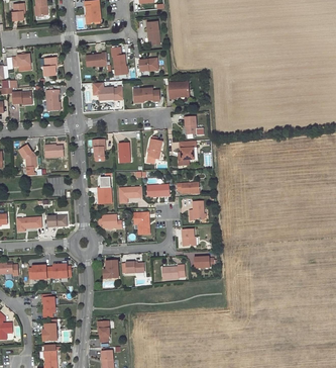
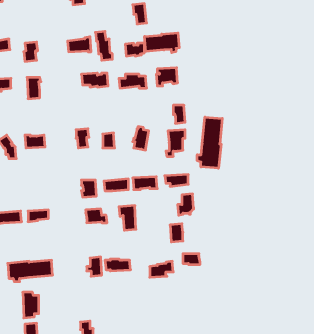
building: none -> [145,33,179,53]
building: none -> [197,117,222,168]

